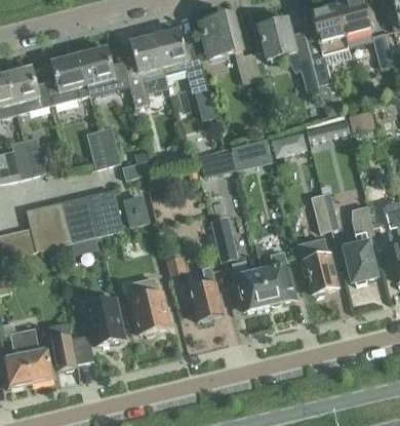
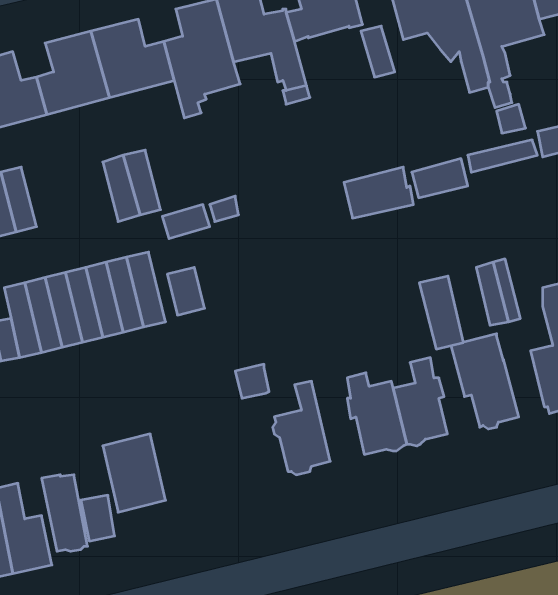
building: [201,150,237,176] -> none
building: [210,217,237,261] -> [419,276,463,349]
building: [129,277,169,336] -> none

